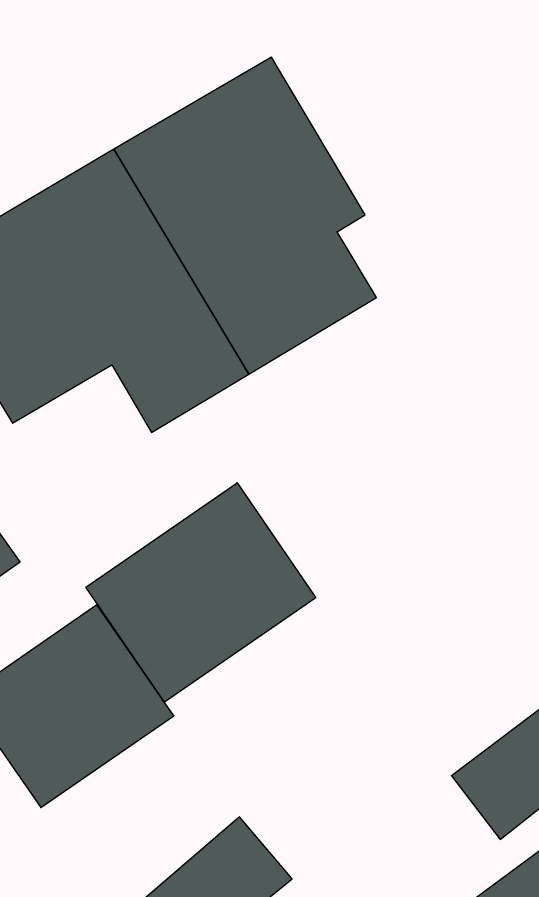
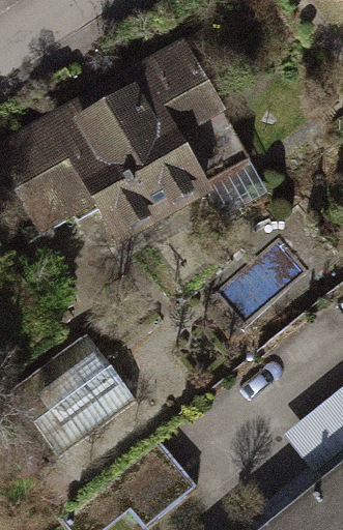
building: [86,483,316,702] -> none

